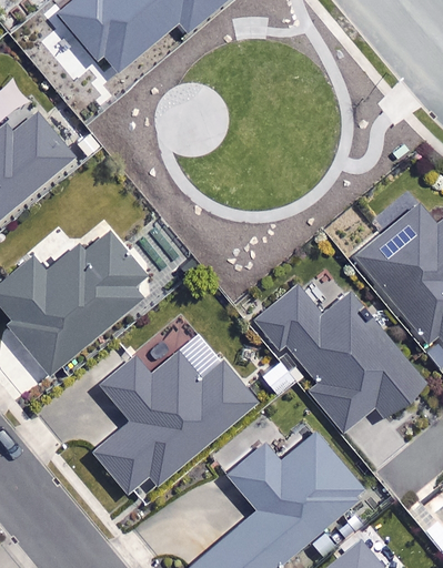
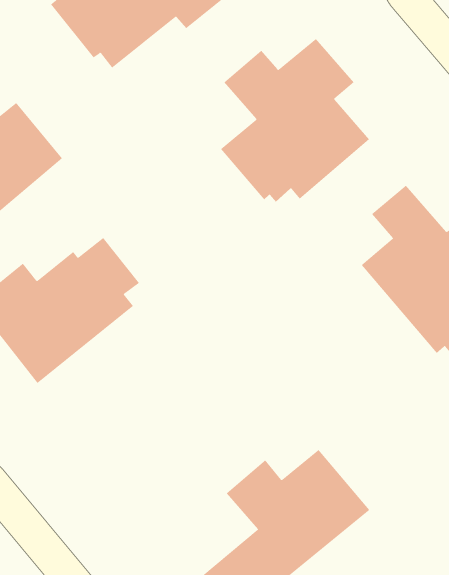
building: none -> [220,38,370,203]
building: [252,283,424,432] -> none
building: [95,354,255,490] -> none

